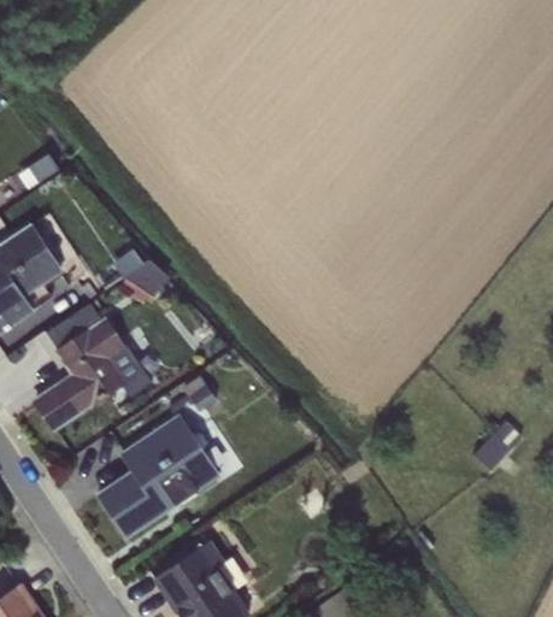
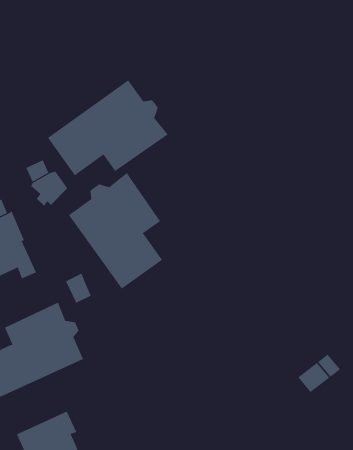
building: none -> [47,80,168,176]
building: none -> [68,172,163,290]

